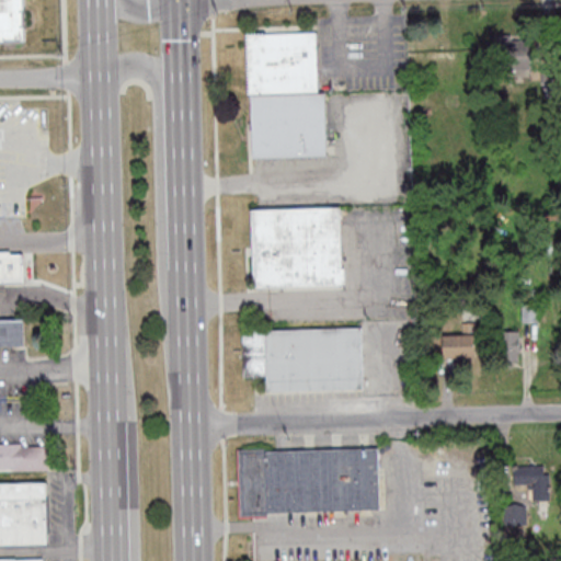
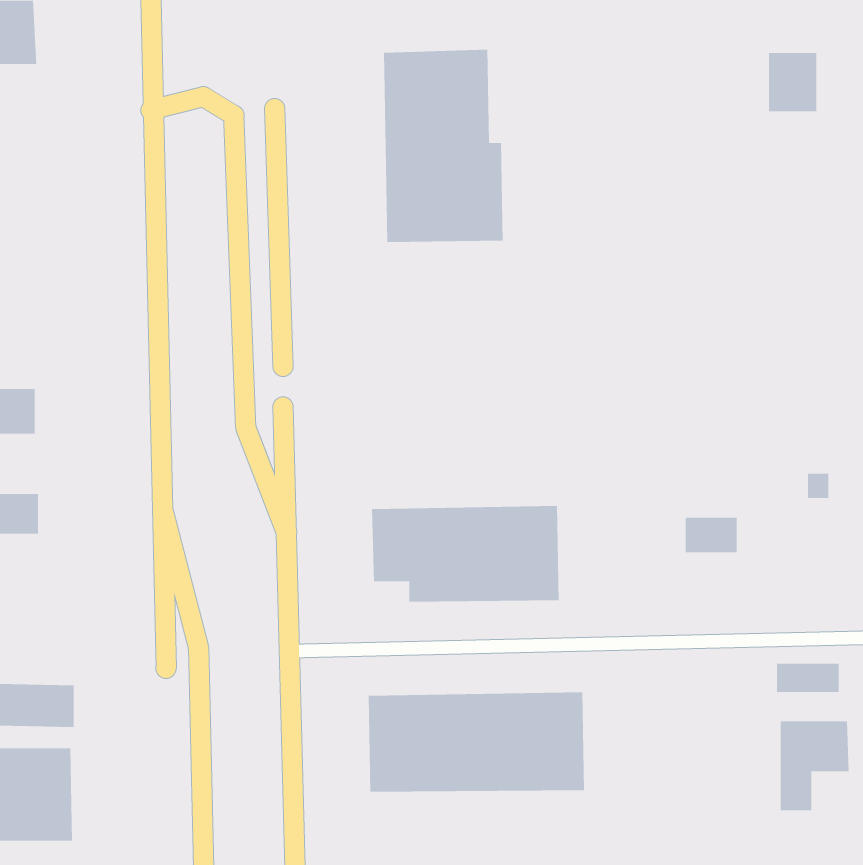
building: [250,207,341,287] -> none
building: [500,332,518,362] -> none
building: none -> [776,663,839,693]

